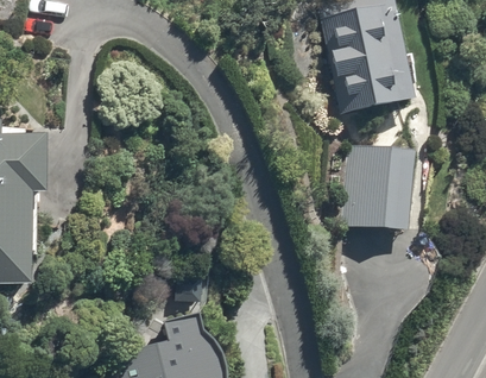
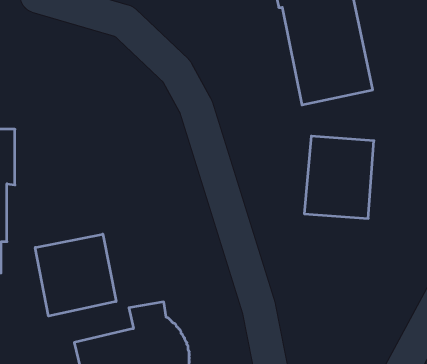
building: none -> [35,234,116,316]

